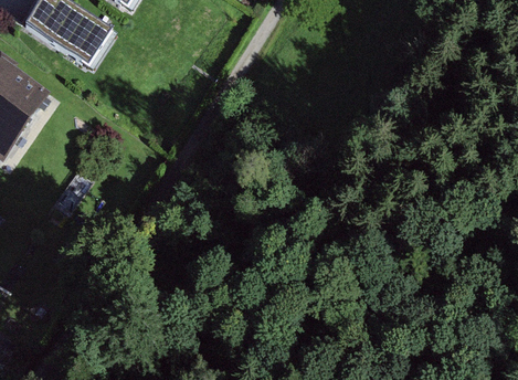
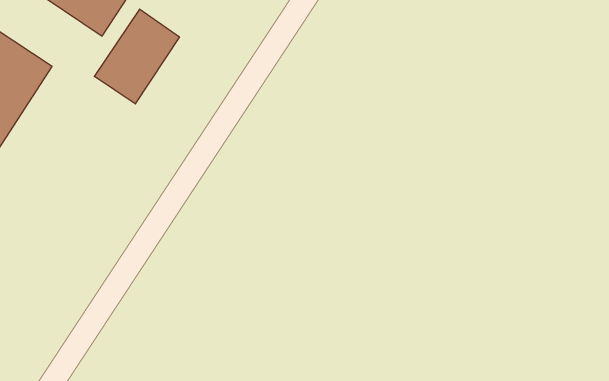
building: none -> [94,9,179,104]

